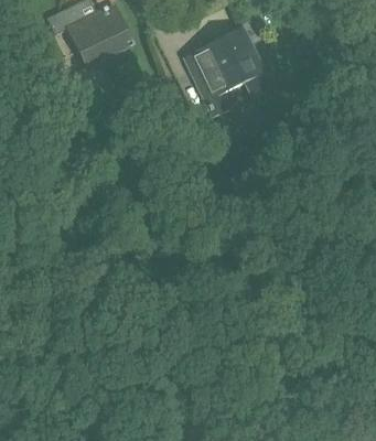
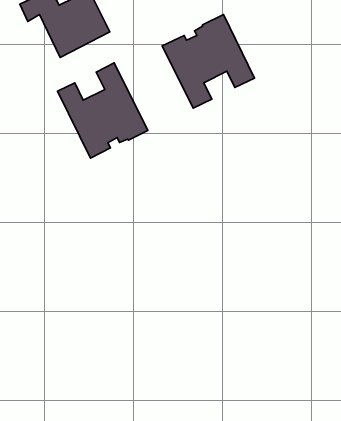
building: none -> [57,63,148,158]

